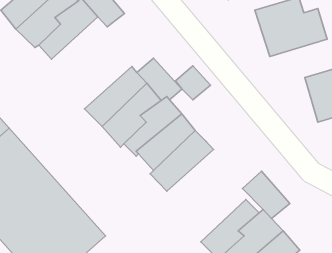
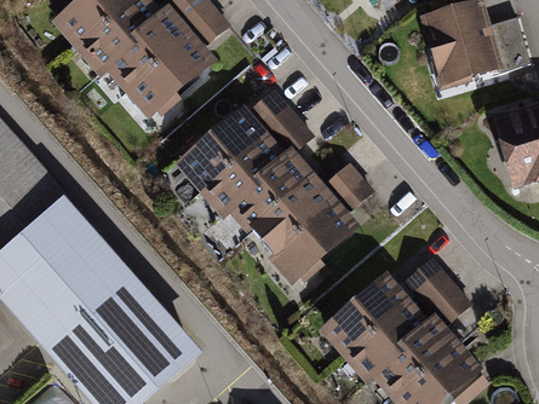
building: none -> [124,30,218,119]
building: [175,66,210,100] -> [323,162,374,212]
building: none -> [317,271,407,358]

